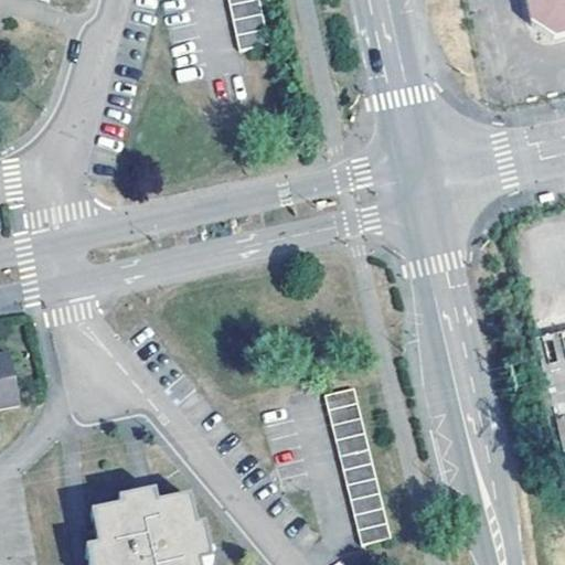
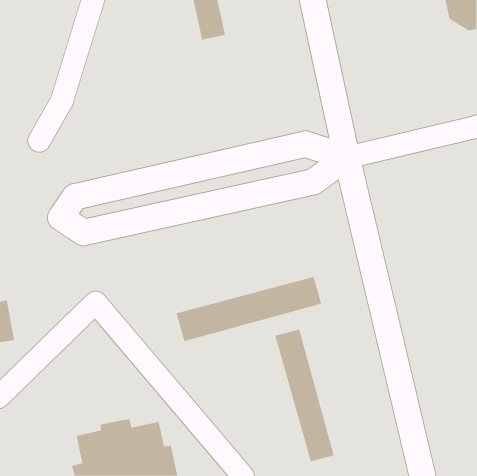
building: none -> [176,276,322,342]

